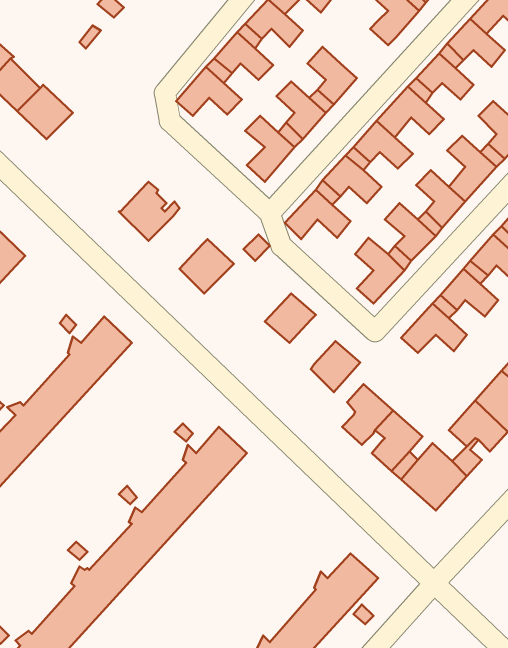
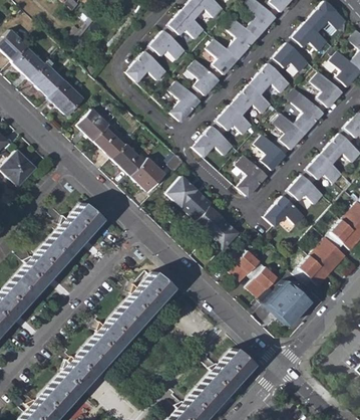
building: none -> [226,19,256,59]
building: none -> [47,80,82,116]
building: none -> [76,109,108,141]
building: none -> [109,144,142,176]
building: none -> [165,177,197,208]
building: none -> [196,207,224,234]

